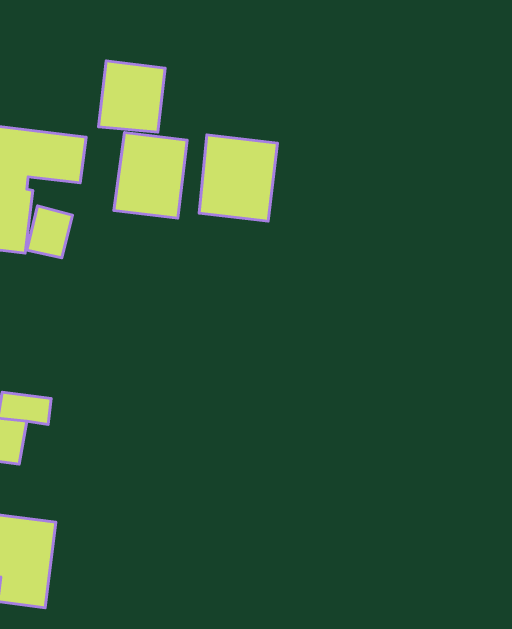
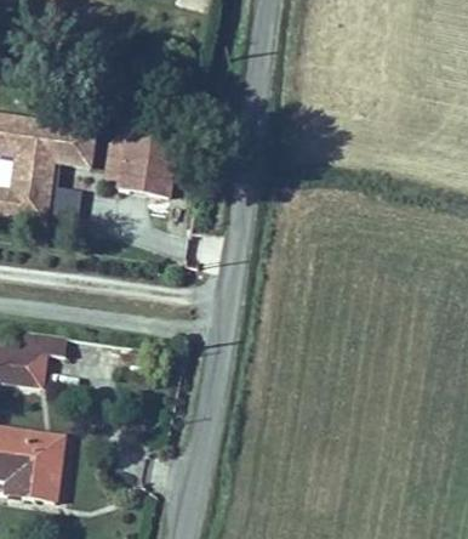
building: [98,61,165,132] -> none
building: [199,135,278,221] -> none

